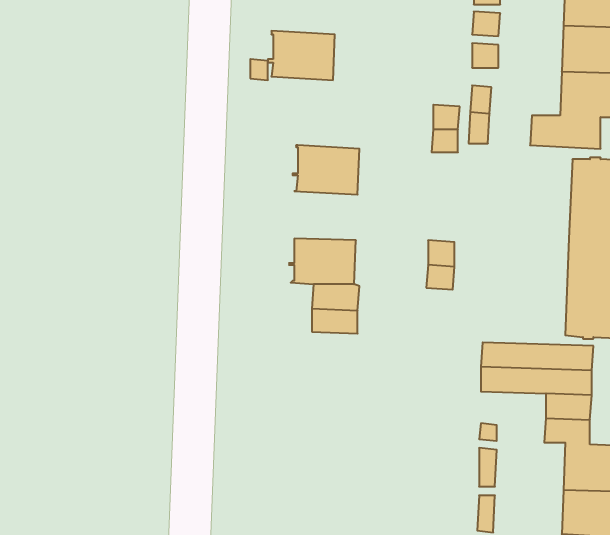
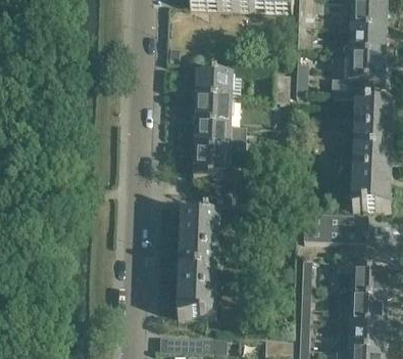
building: [268,31,335,80] -> [194,69,233,97]
building: none -> [192,122,231,150]
building: none -> [177,212,218,317]

